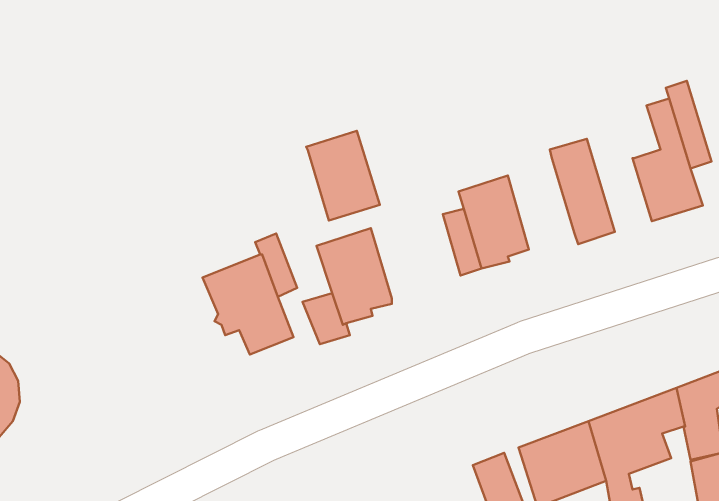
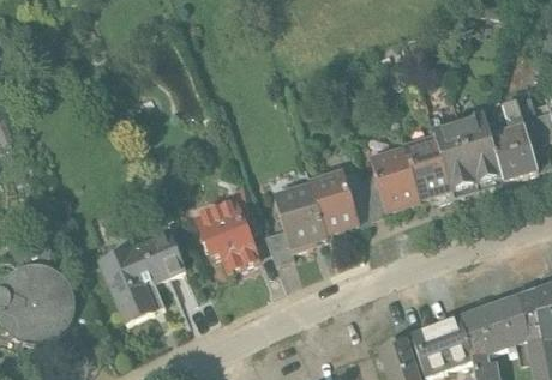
building: none -> [458,115,503,187]
building: [306,131,380,220] -> [310,171,360,233]
building: none -> [403,137,450,203]
building: none -> [101,231,180,316]

